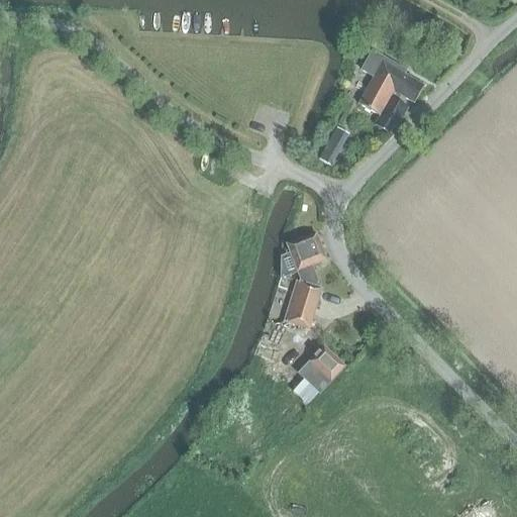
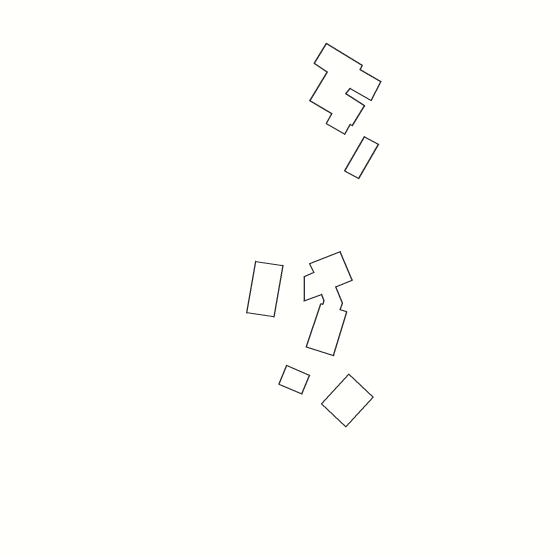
building: [356,49,422,133] -> [310,44,381,134]
building: none -> [247,261,283,317]

